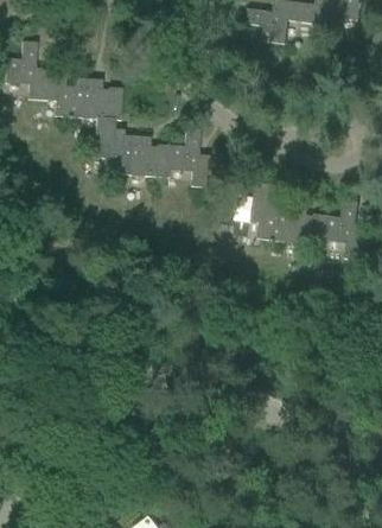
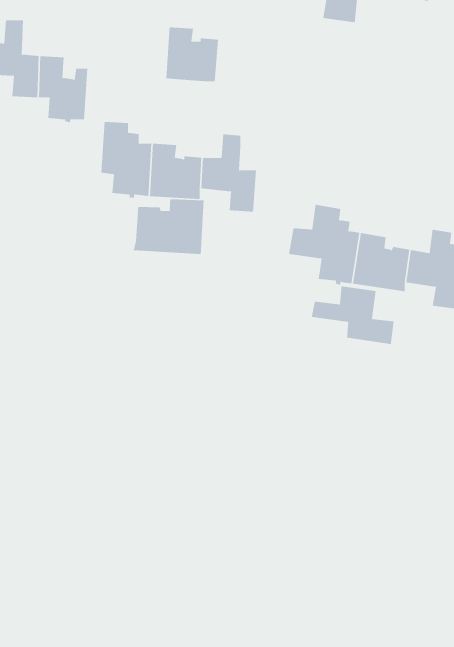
building: [81,77,121,119] -> [166,27,219,82]
building: none -> [133,199,204,255]
building: none -> [311,286,394,345]

